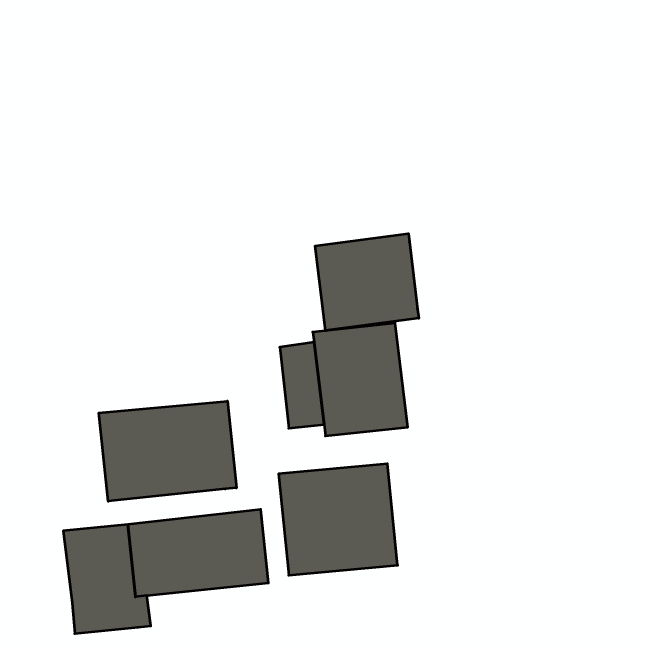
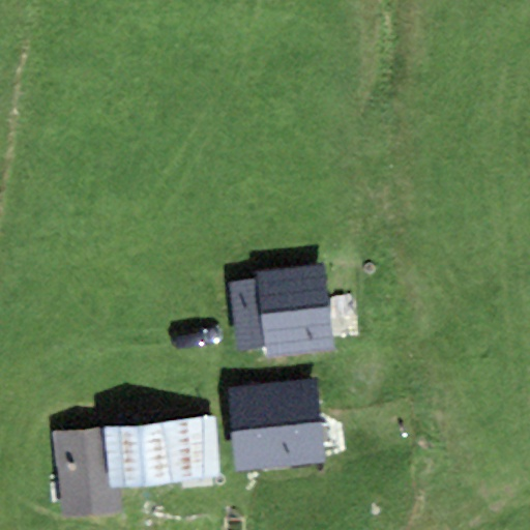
building: [315,234,419,331] -> none
building: [99,401,236,501] -> none

